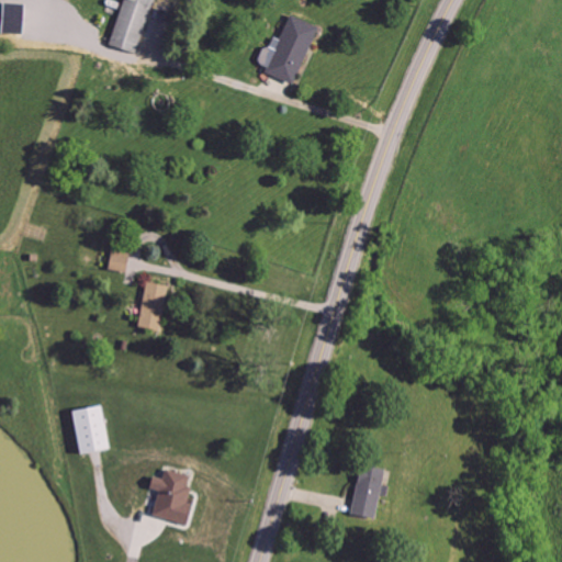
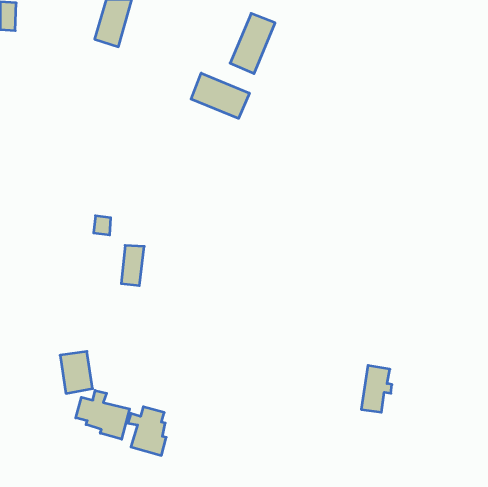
building: none -> [191,73,249,118]
building: none -> [76,390,130,439]
building: [350,463,385,517] -> [361,365,392,412]

